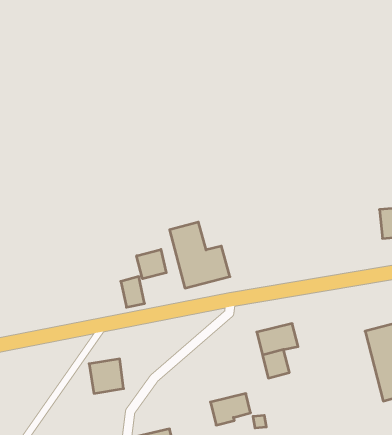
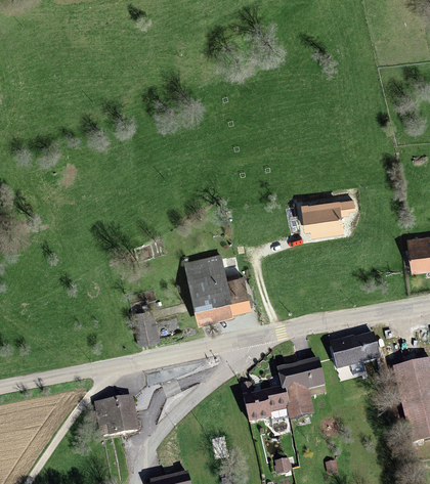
building: none -> [304,196,358,236]
building: [137,249,166,279] -> none
building: none -> [331,333,378,366]
building: [210,394,251,425] -> [243,390,286,424]

